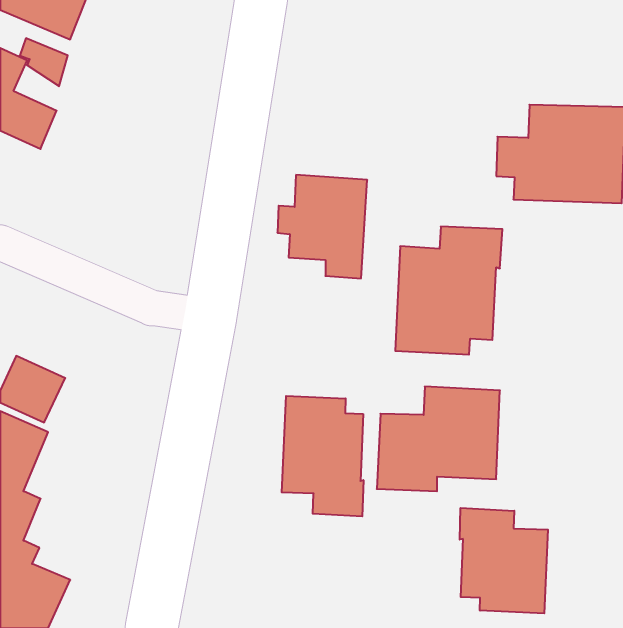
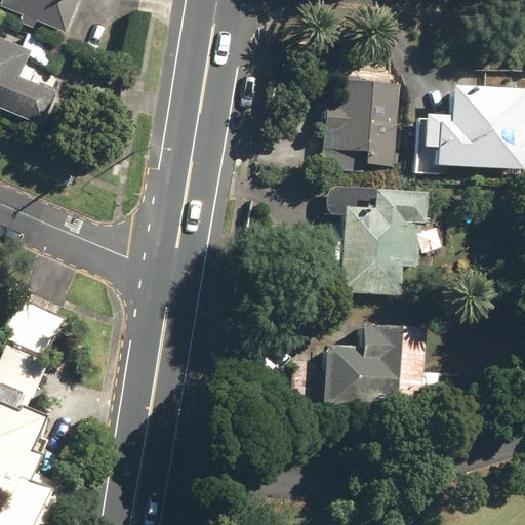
building: [277,175,367,278] -> [323,79,398,165]
building: [282,396,363,516] -> none
building: [460,508,548,613] -> none

